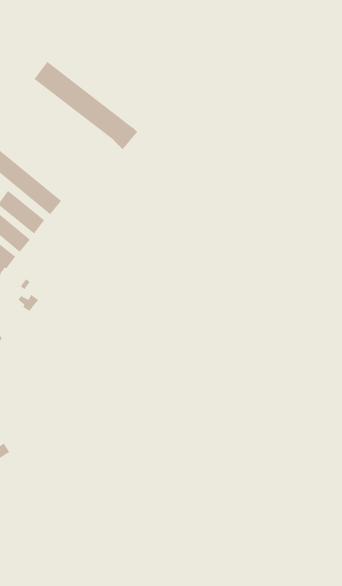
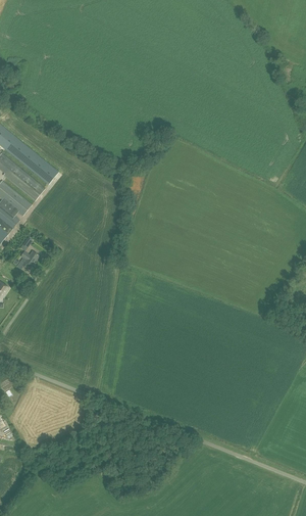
building: [34,61,138,150] -> none

